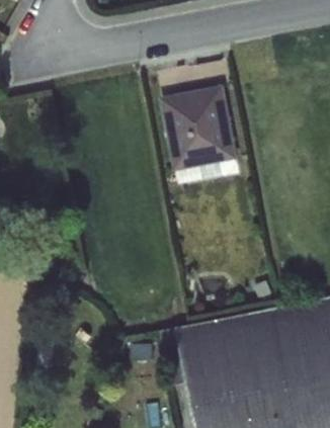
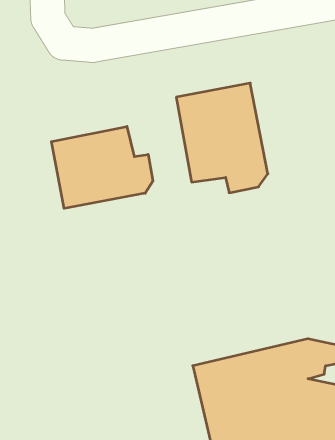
building: none -> [51,126,153,208]

